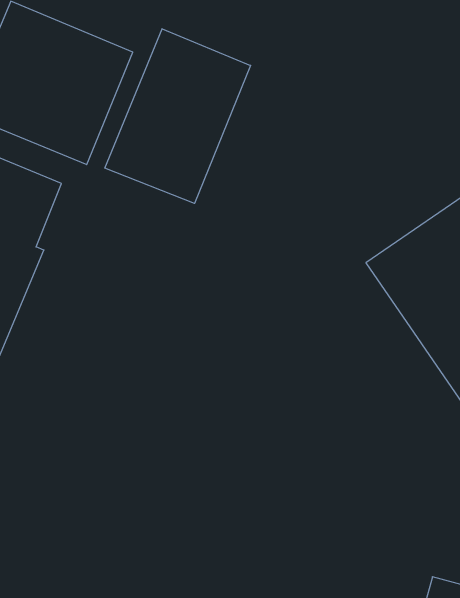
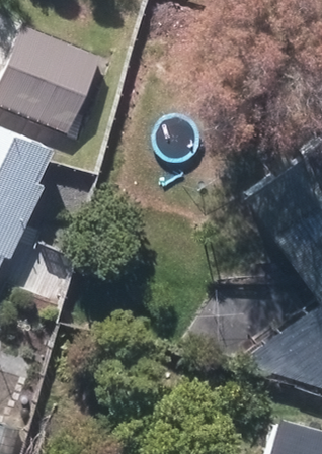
building: [105,29,251,203] -> none

